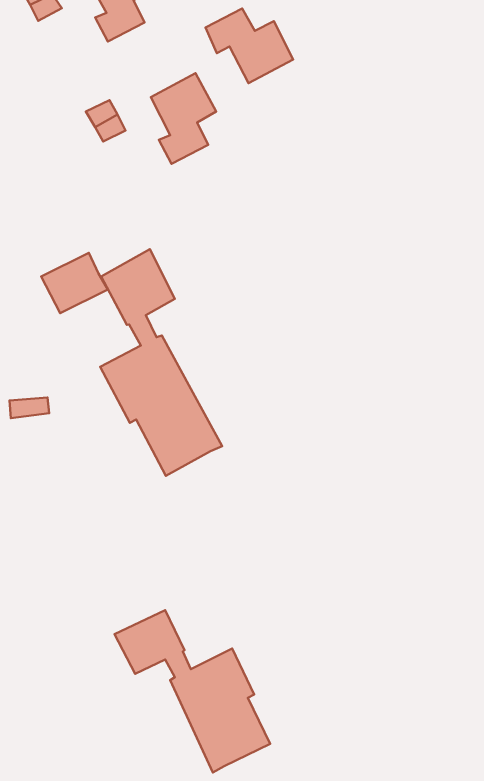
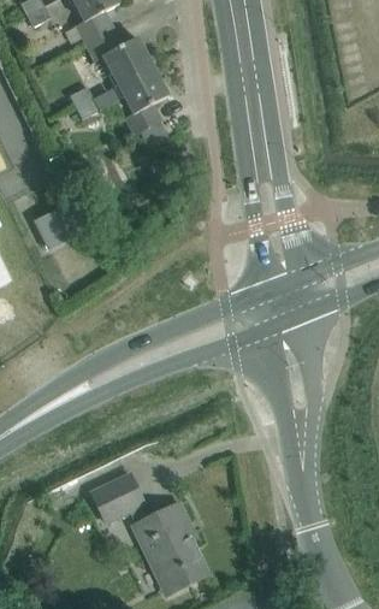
building: [206,9,293,83] -> [85,28,152,84]
building: [100,249,222,476] -> none

